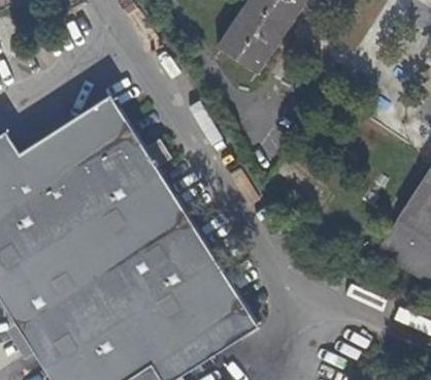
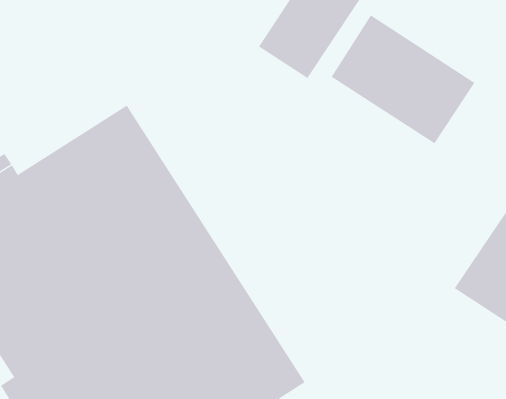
building: none -> [331,14,475,144]

